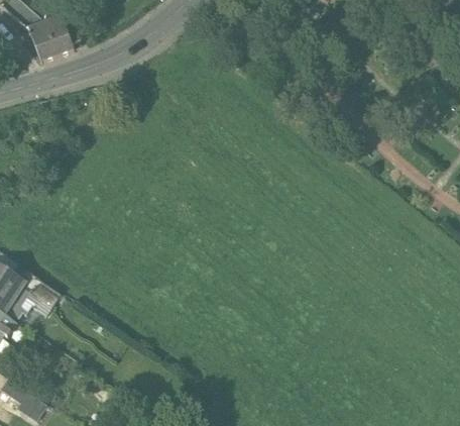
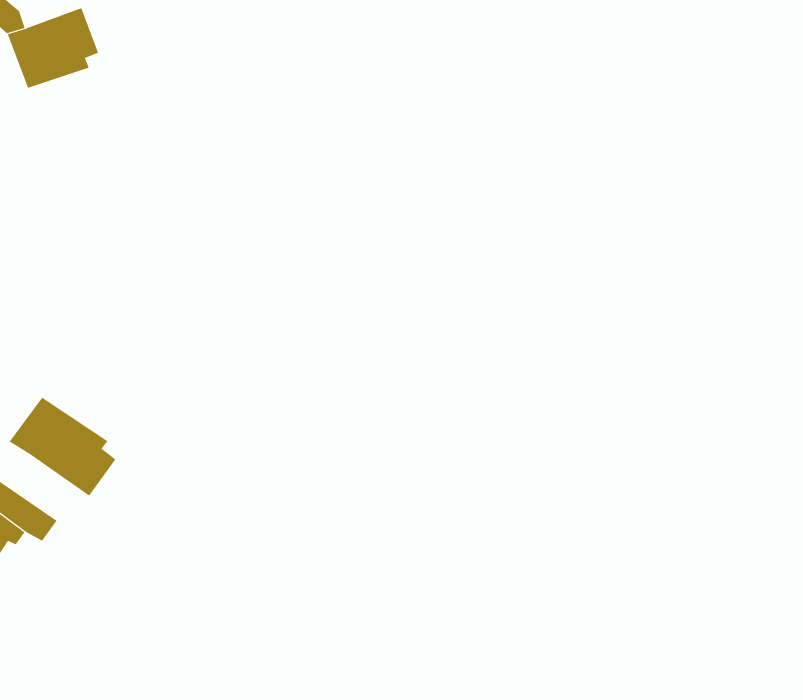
building: none -> [9,397,116,497]

